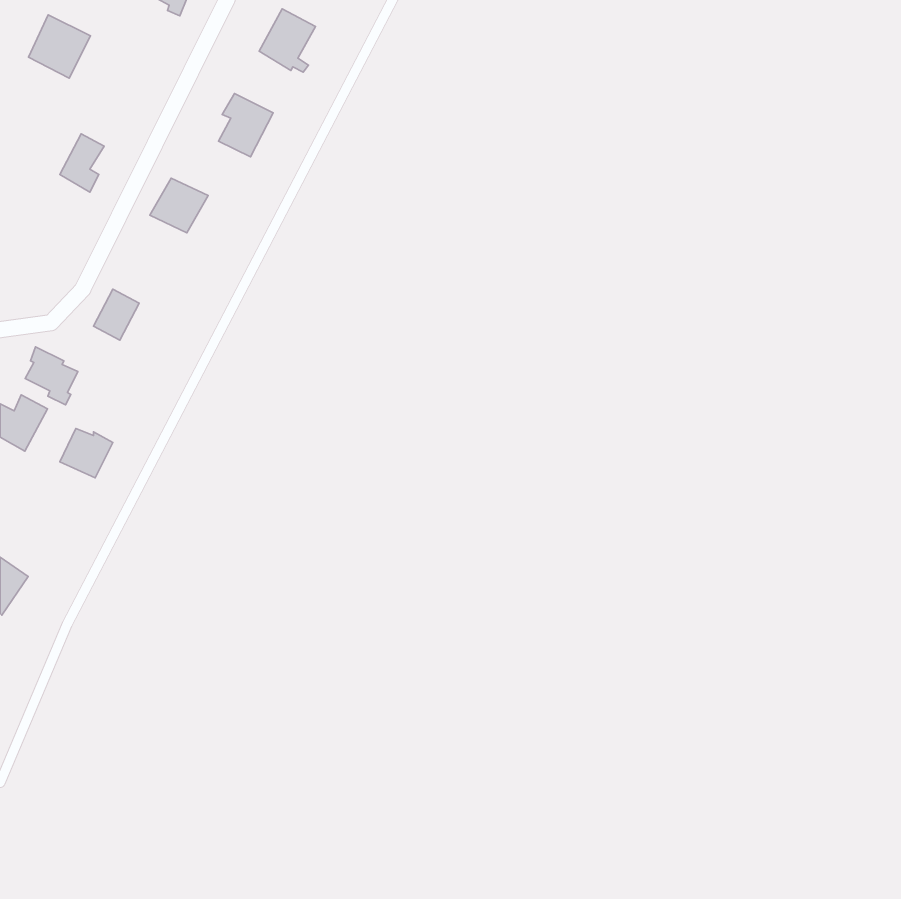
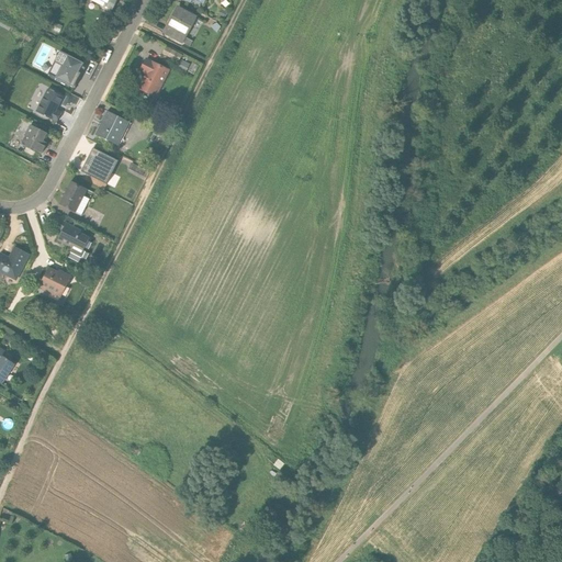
building: [29,15,90,78] -> [48,47,87,87]
building: none -> [19,123,48,154]
building: none -> [82,145,117,180]
building: [25,347,78,405] -> [56,221,89,257]

